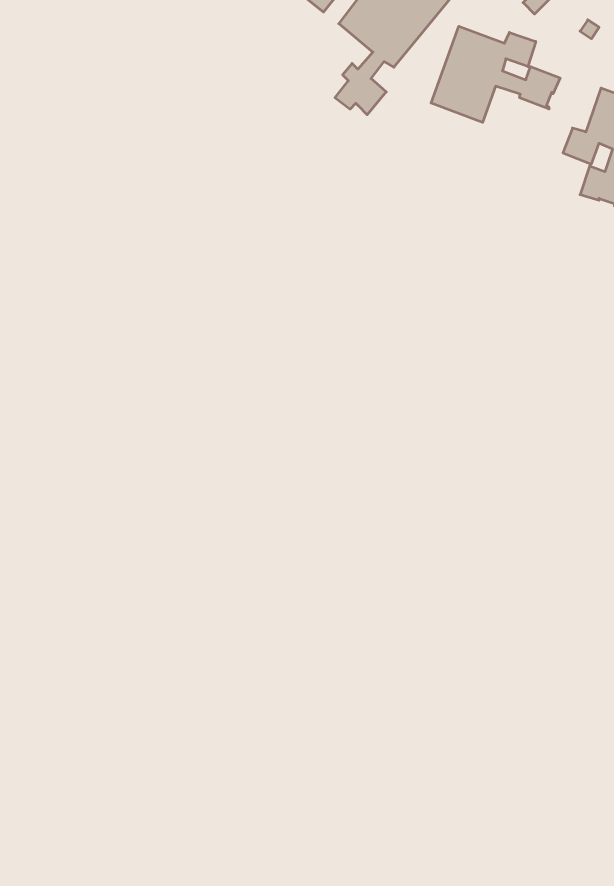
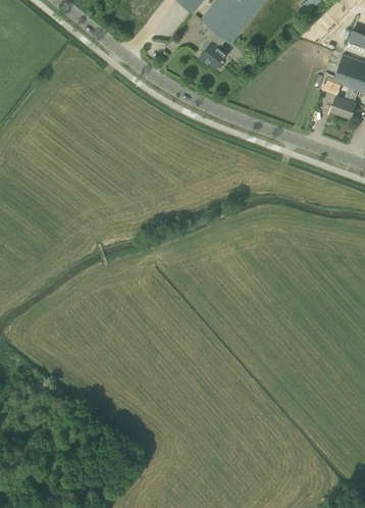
building: [431,26,560,122] -> none

